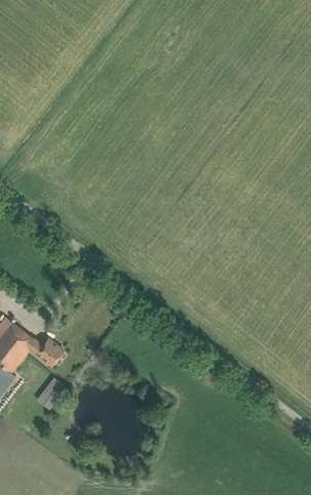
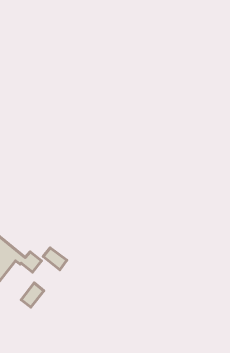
building: none -> [43,248,67,270]

